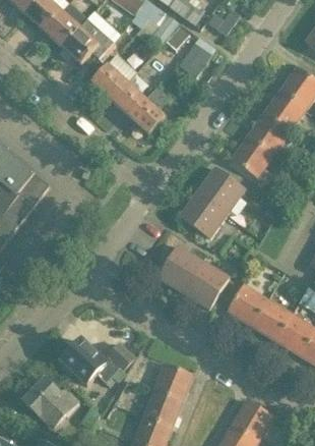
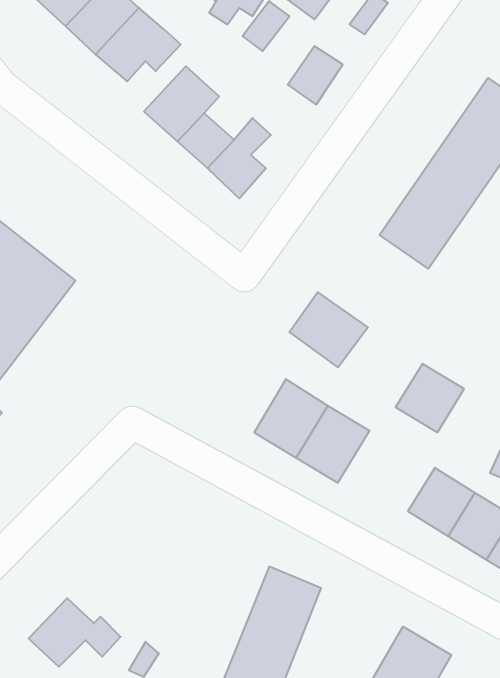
building: [196,167,244,213] -> none
building: [226,283,267,325] -> [396,364,464,432]
building: [61,339,135,384] -> none

